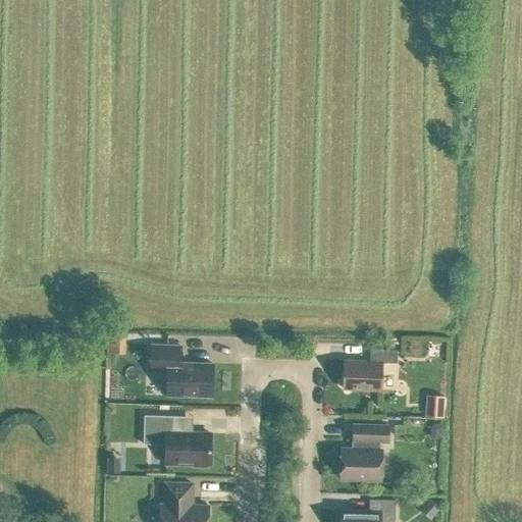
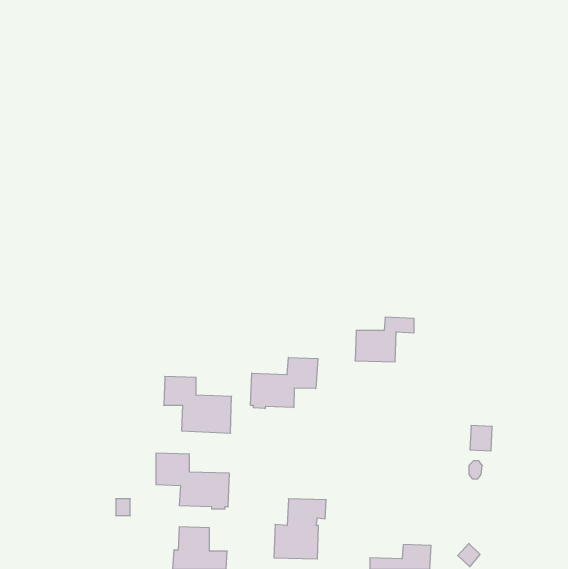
building: none -> [251,357,318,409]
building: [344,349,398,389] -> [355,317,414,362]
building: [341,424,388,479] -> [274,499,326,559]

